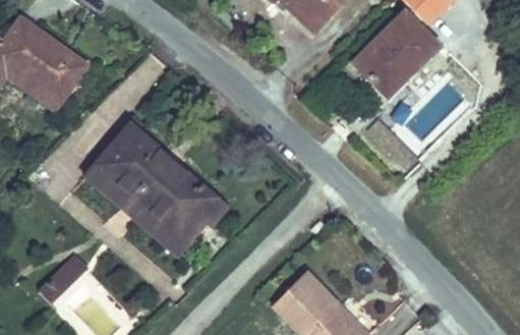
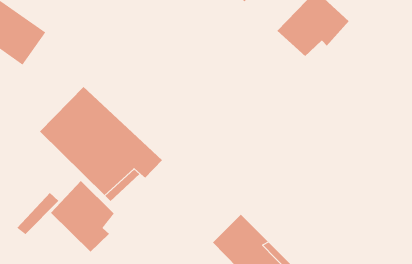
building: none -> [50,180,114,253]

